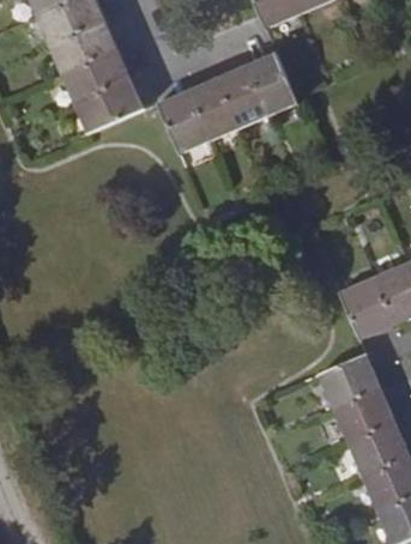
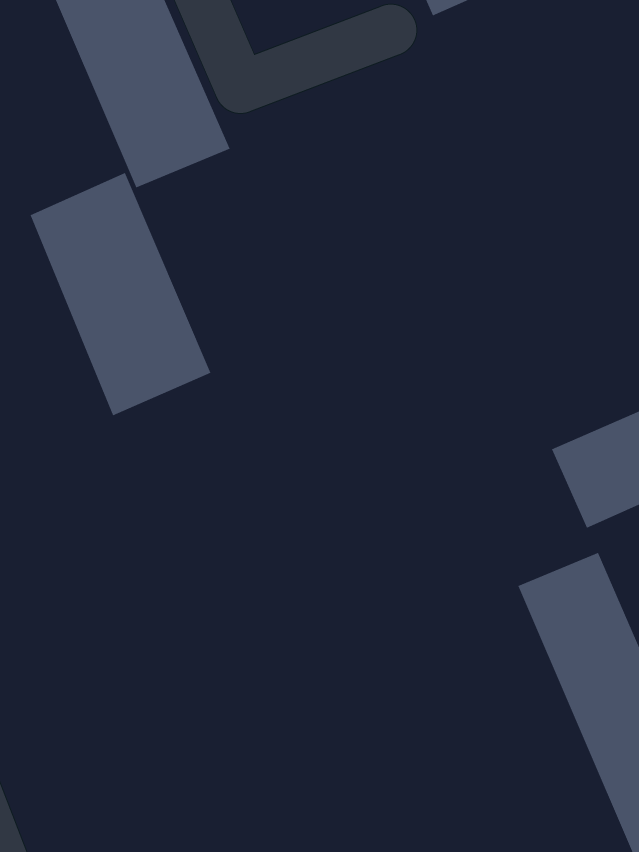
building: [157,52,297,153] -> none
building: none -> [30,172,211,416]

